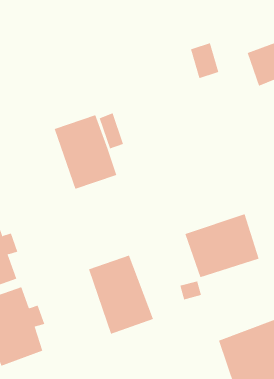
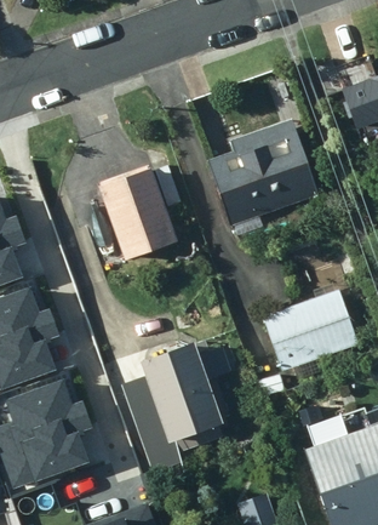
building: none -> [208,118,319,236]

